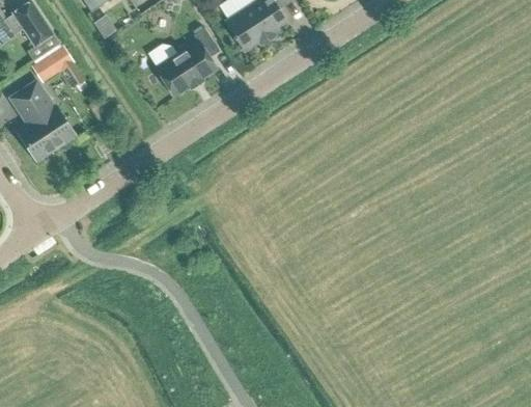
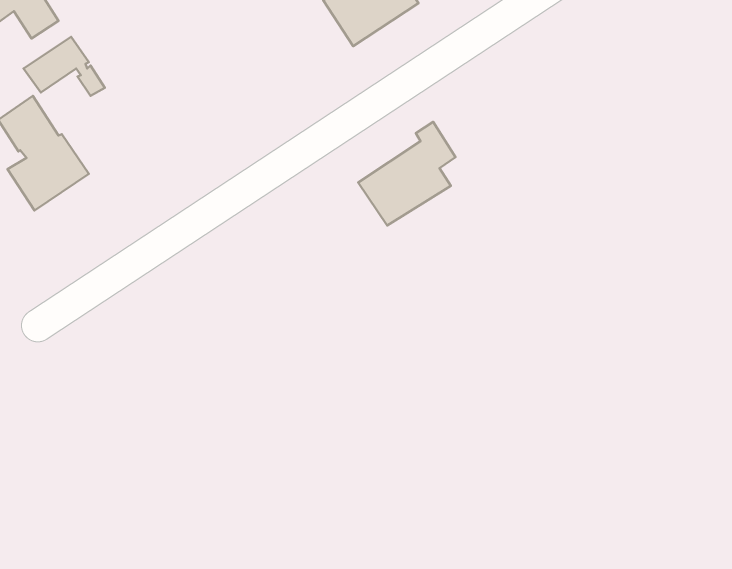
building: [157,28,220,96] -> [358,122,456,226]

